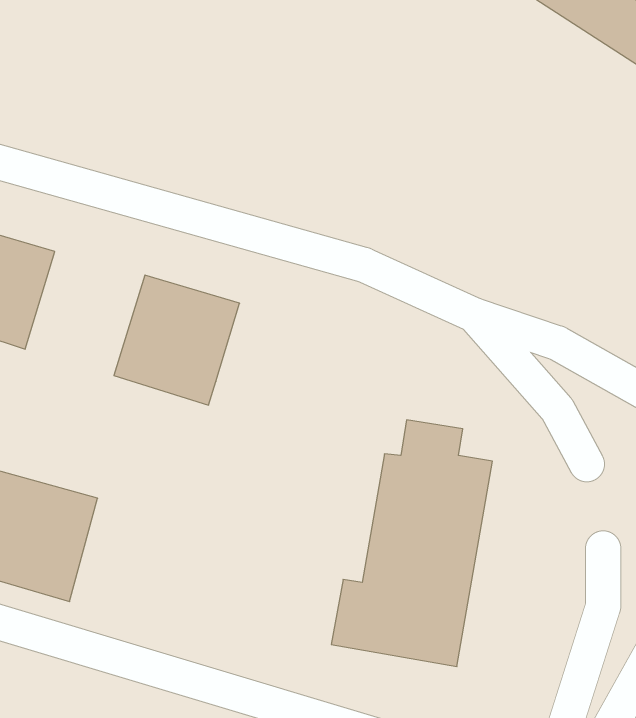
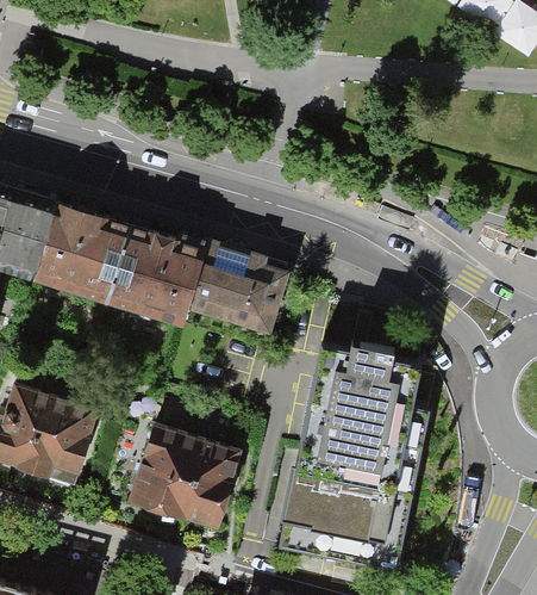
building: none -> [36,202,132,305]
building: none -> [189,247,292,333]
building: none -> [119,420,235,531]

